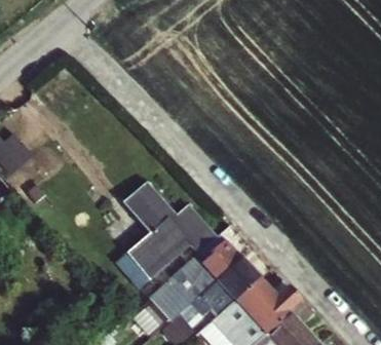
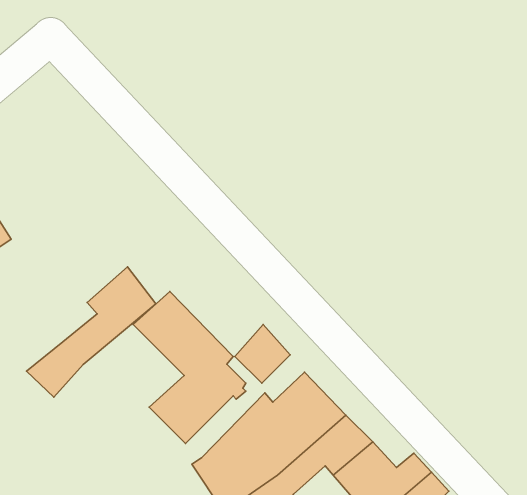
building: none -> [26,267,156,397]

